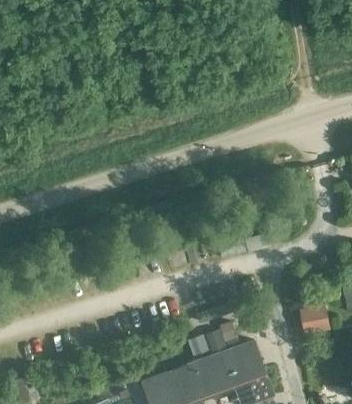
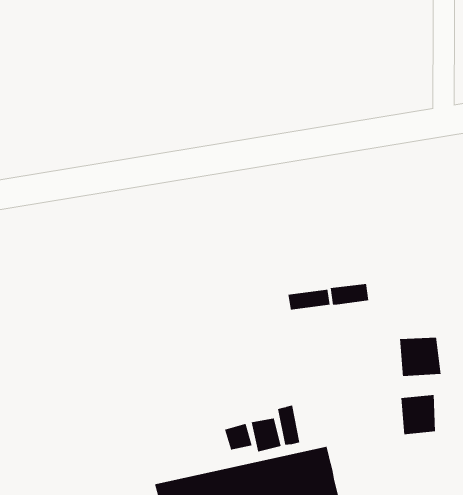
building: none -> [400,337,441,377]

